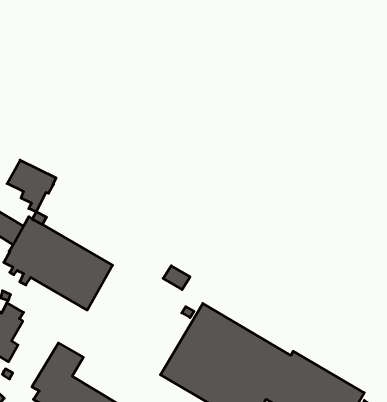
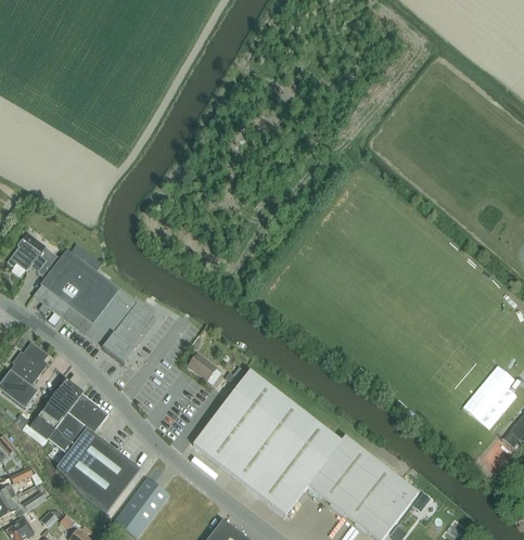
building: [7,160,56,212] -> none
building: [163,266,190,290] -> [187,352,217,381]
building: none -> [26,380,82,445]

